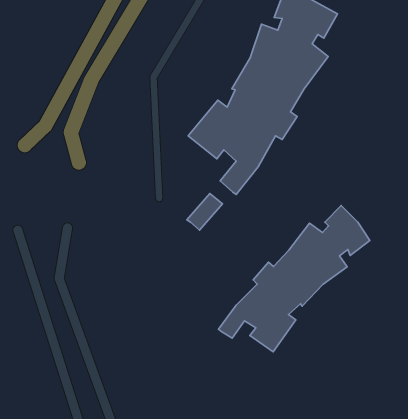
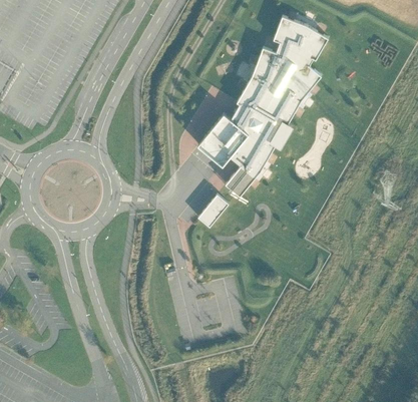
building: [218,205,370,352] -> none

